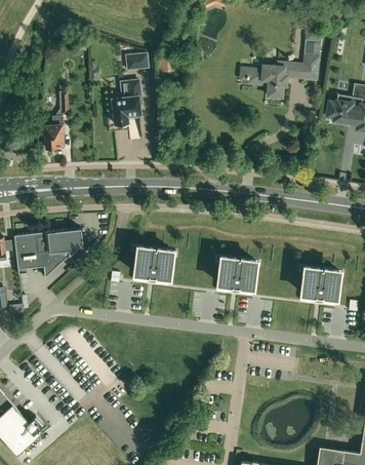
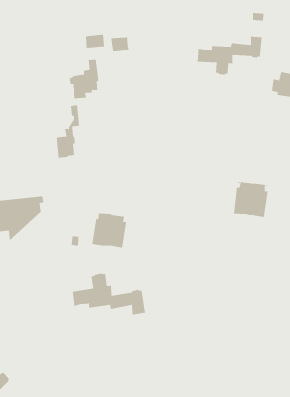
building: [43,91,69,149] -> [56,105,80,158]
building: [217,257,255,296] -> none
building: [300,267,338,306] -> [233,181,268,218]
building: none -> [72,272,146,315]

